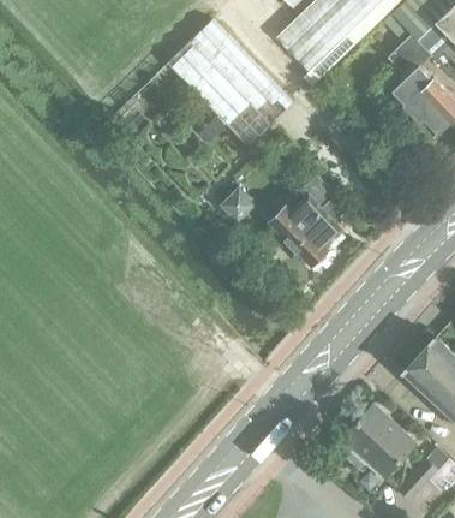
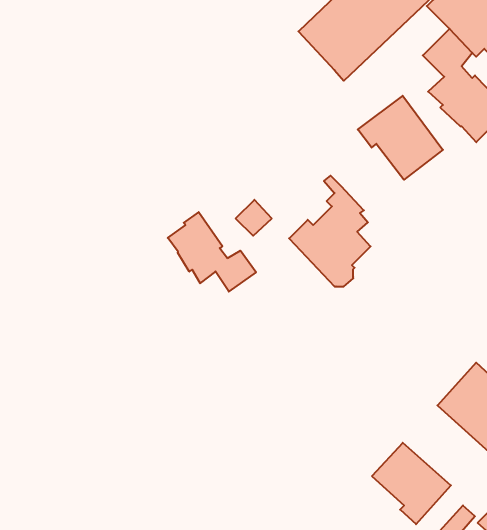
building: [166,18,292,145] -> none
building: none -> [358,96,443,180]
building: none -> [168,212,256,292]

